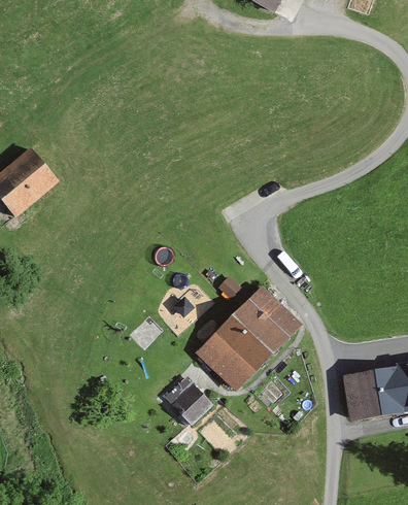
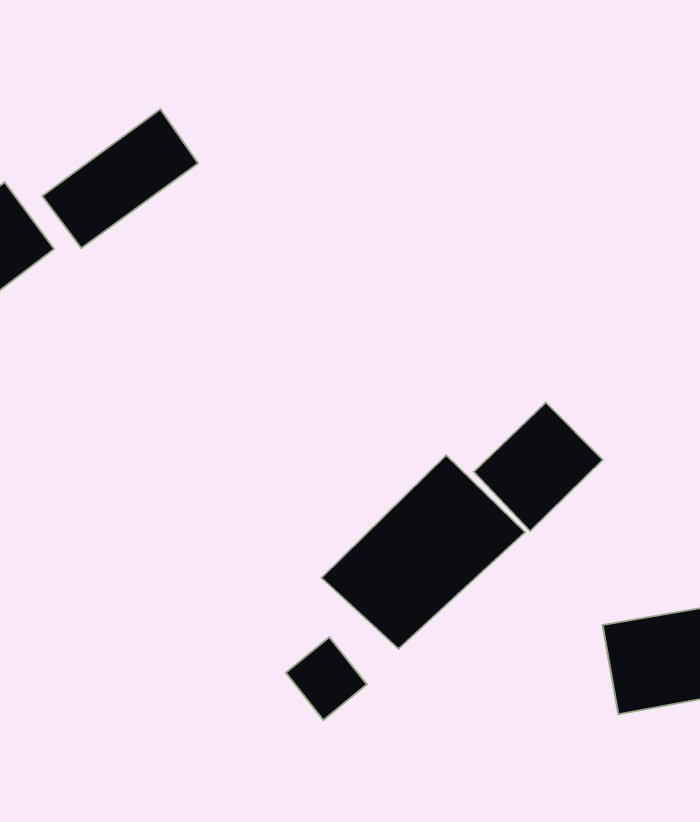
building: none -> [42,109,198,248]
building: none -> [474,402,603,531]

